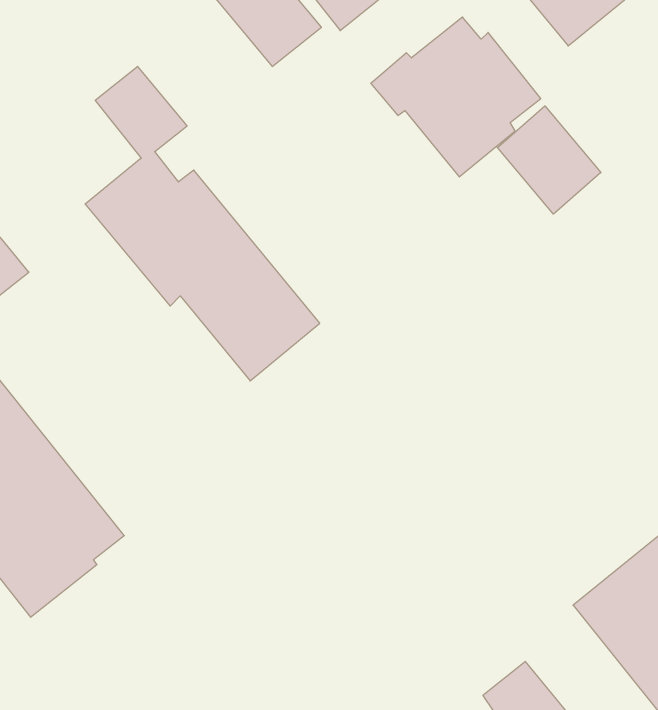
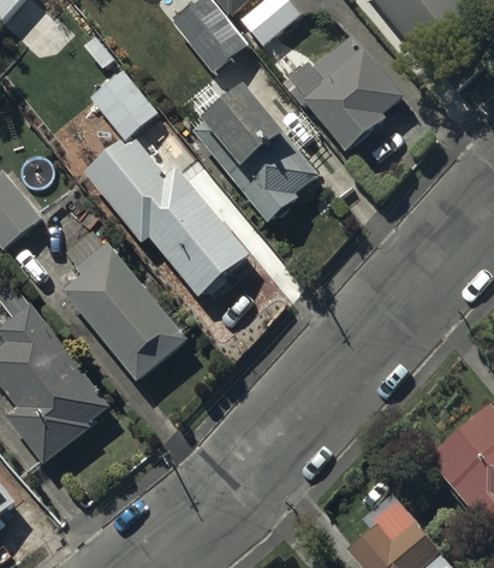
building: none -> [177,79,319,223]
building: [497,106,601,214] -> none
building: none -> [60,231,188,381]

